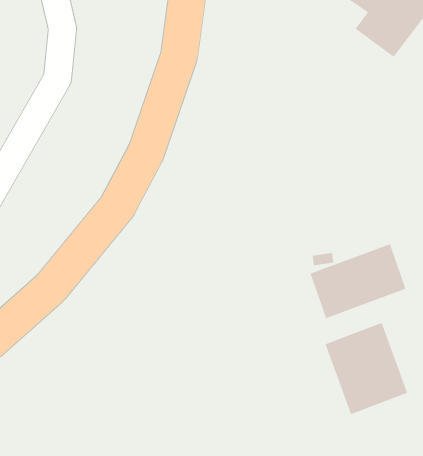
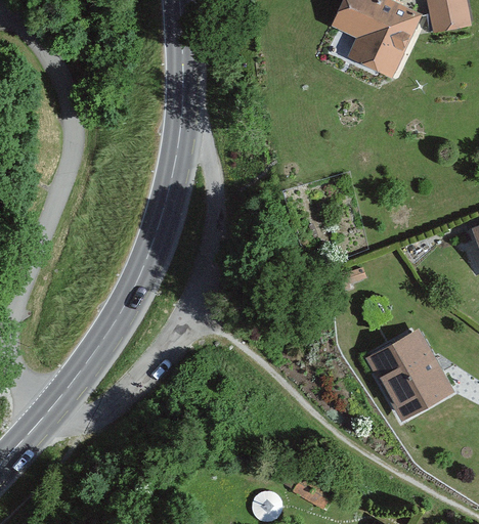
building: [309,243,407,319] -> none

